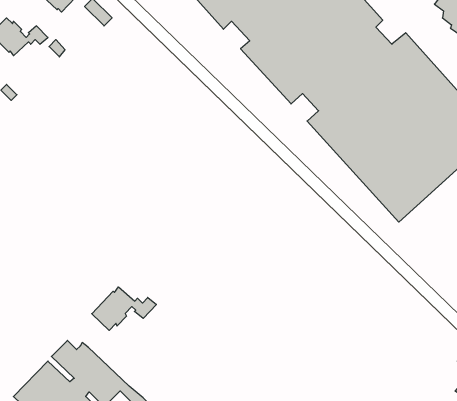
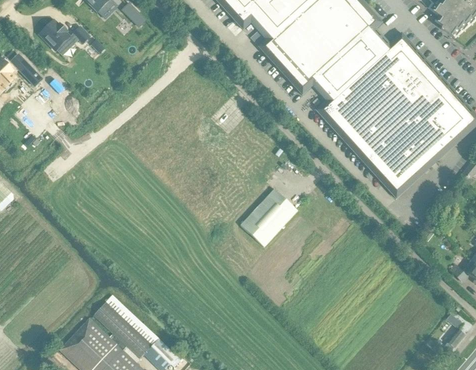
building: none -> [239,188,296,246]
building: [92,287,156,330] -> none

